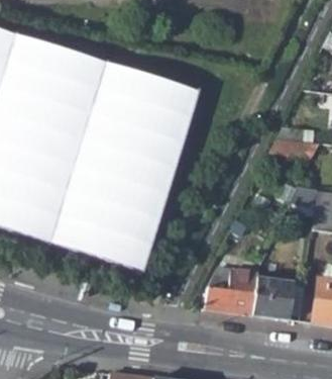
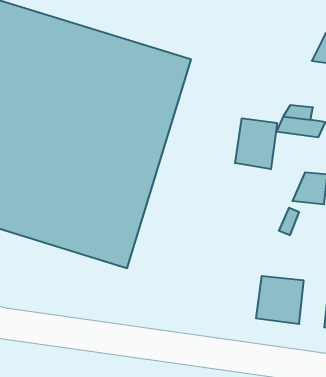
building: none -> [235,118,277,169]
building: [205,269,257,315] -> none

